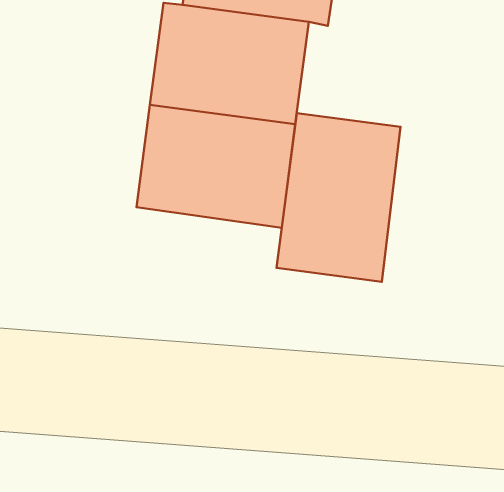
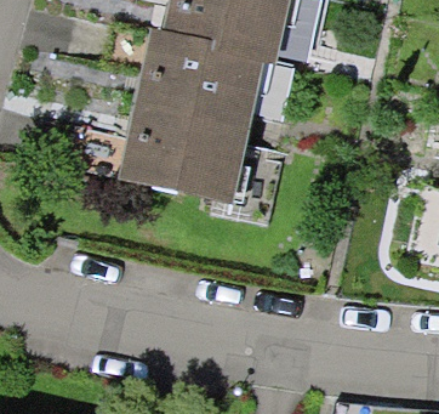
building: [277,113,401,282] -> none

